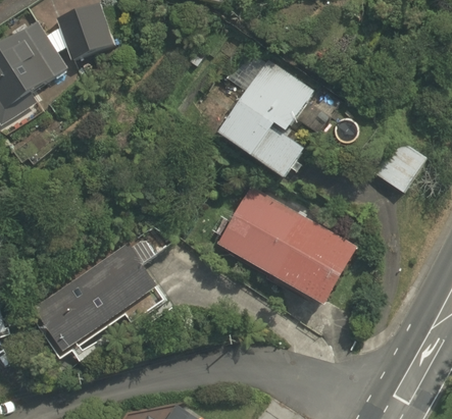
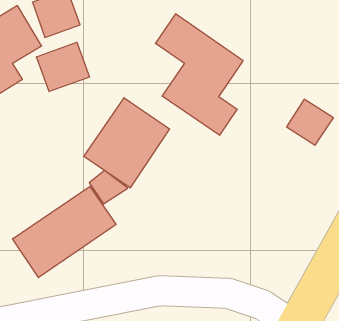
building: none -> [37,42,89,92]
building: none -> [84,98,170,188]
building: [216,186,357,305] -> none

